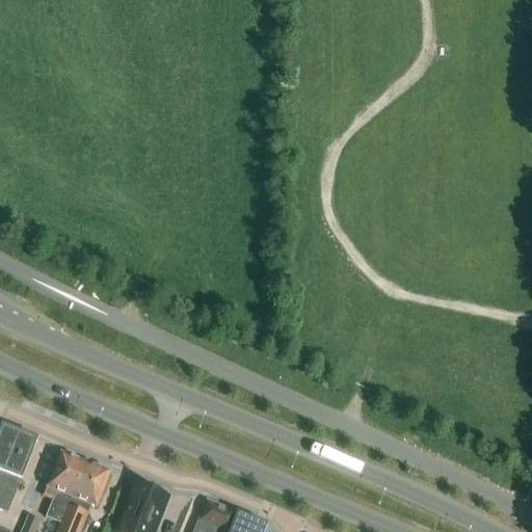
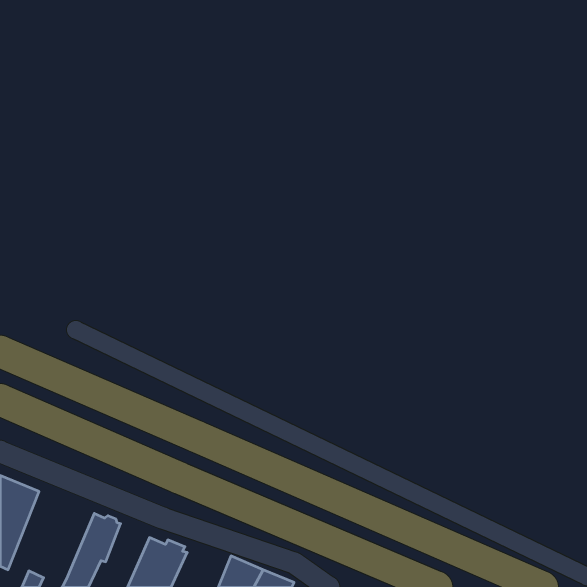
building: [47,453,85,524] -> none

